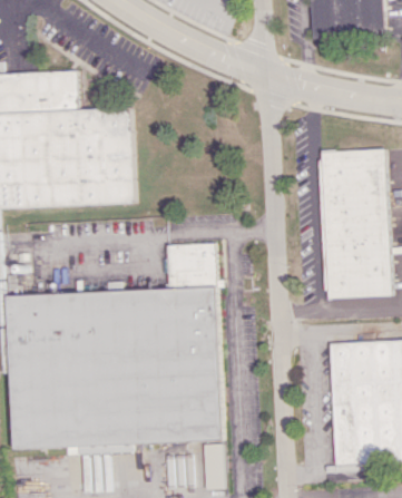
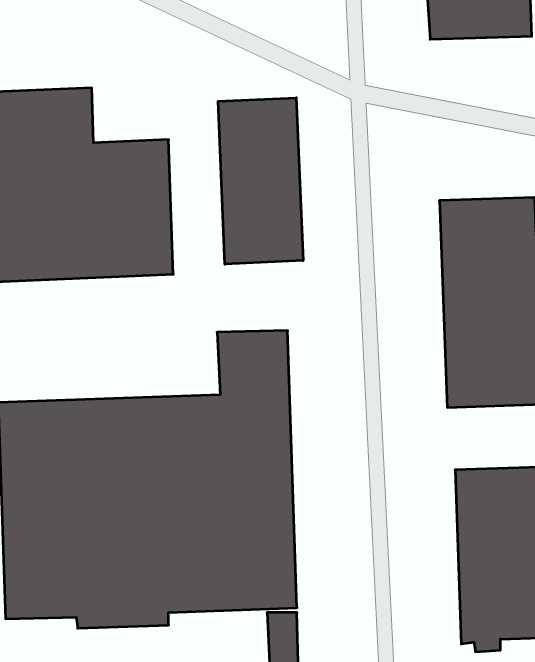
building: none -> [218,98,303,264]

